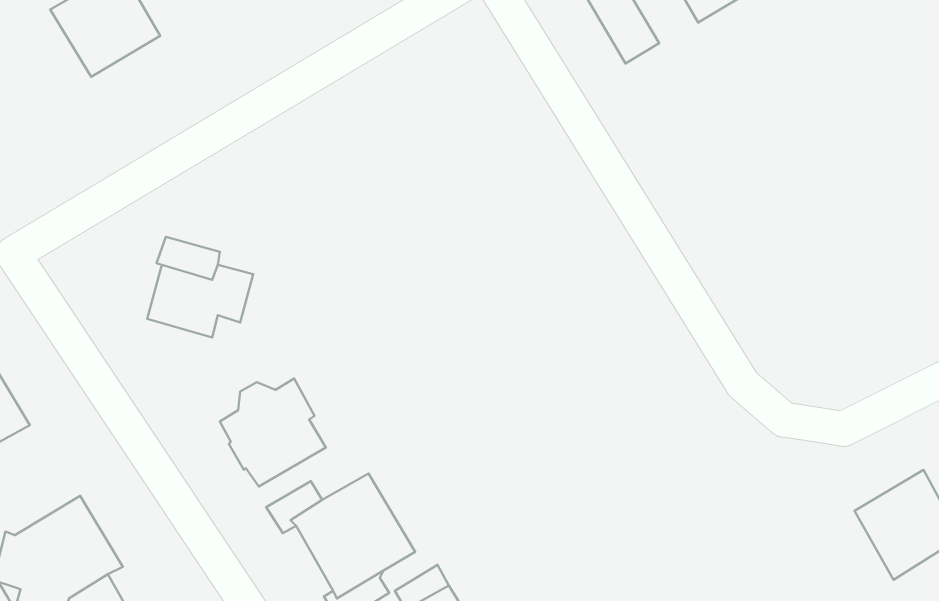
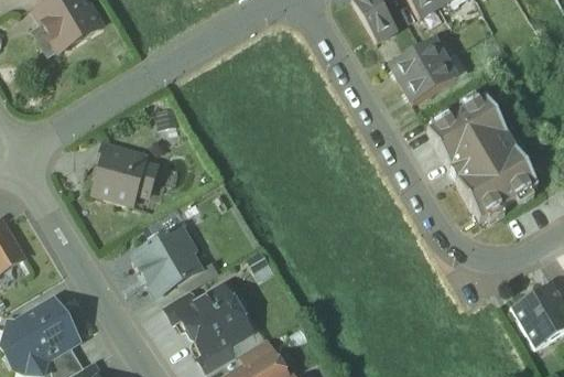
building: none -> [390,39,456,103]
building: none -> [427,94,539,218]

